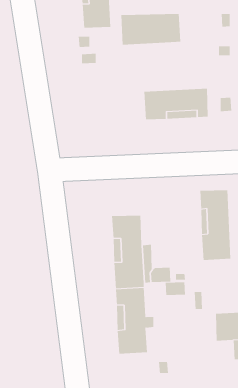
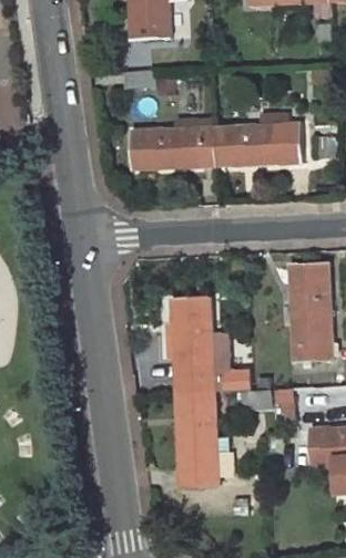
building: [120,13,181,45] -> [132,127,215,170]

